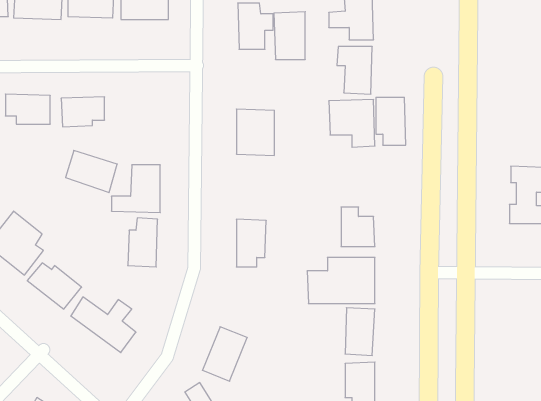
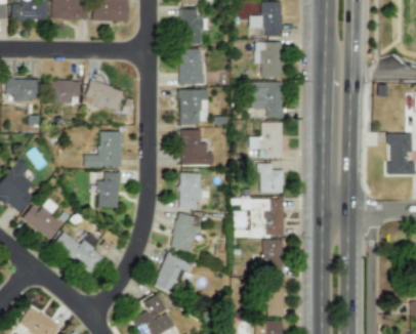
building: [274,12,305,59] -> [178,48,202,84]
building: [376,97,406,145] -> [260,122,283,158]
building: [66,150,117,193] -> [84,80,123,112]
building: none -> [181,129,213,165]
building: none -> [171,212,196,251]

